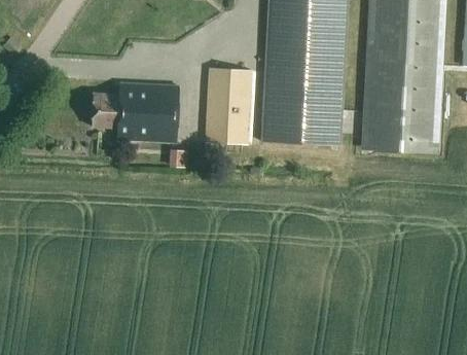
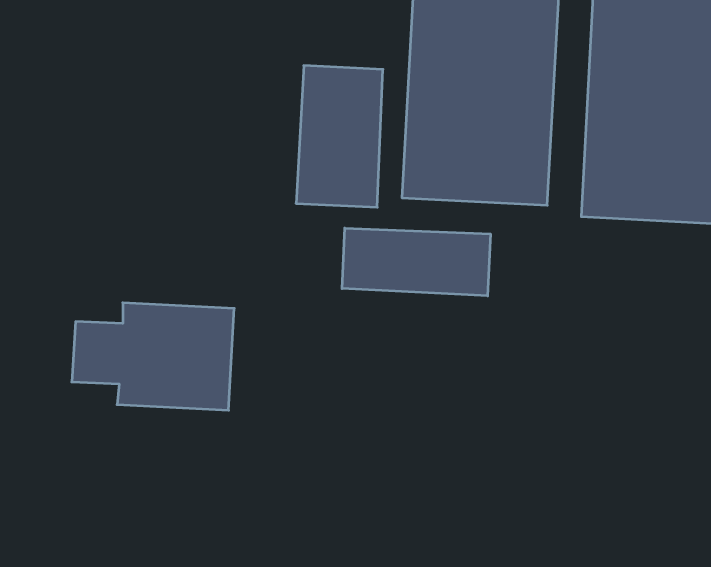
building: [92,82,180,141] -> [72,303,234,410]
building: none -> [342,228,490,296]

